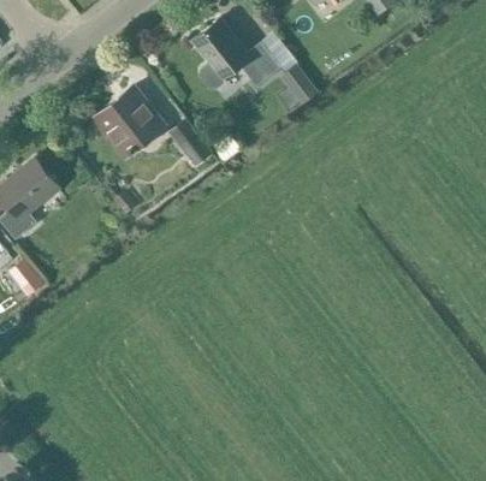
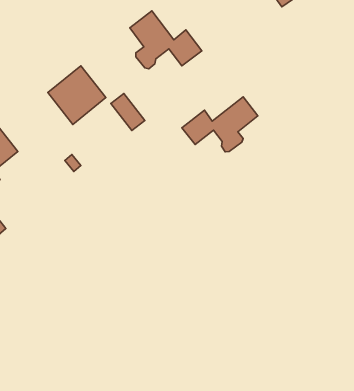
building: [279,64,318,105] -> none
building: none -> [182,97,258,152]

